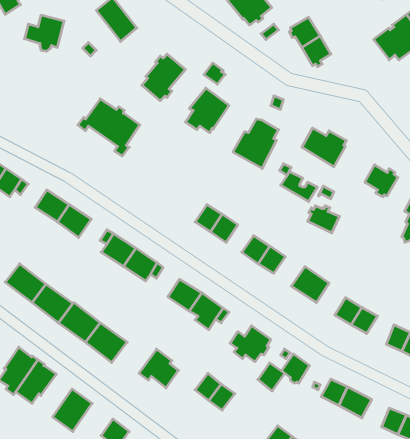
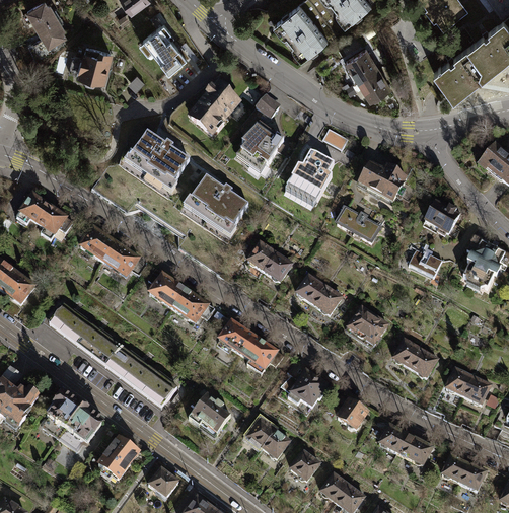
building: none -> [184,177,249,237]
building: [308,206,340,233] -> [409,248,442,277]
building: [258,363,285,391] -> [291,452,319,482]

